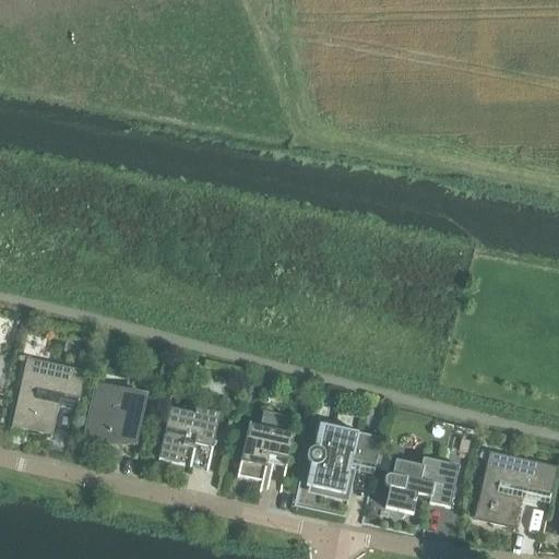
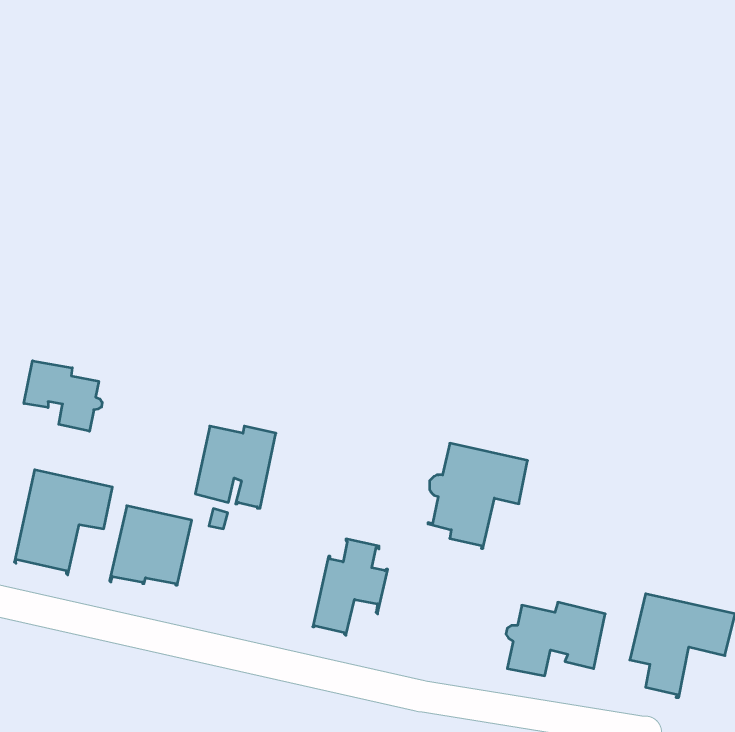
building: none -> [24,361,102,431]
building: [158,406,219,468] -> [195,426,276,508]
building: [306,423,381,502] -> [428,443,528,548]

